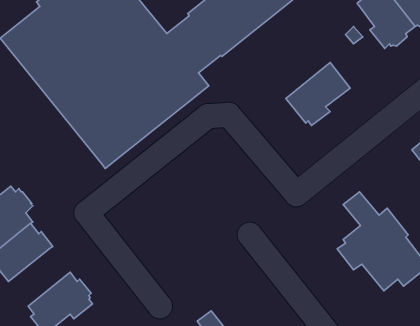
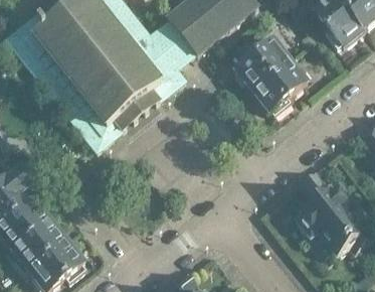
building: none -> [226,37,291,90]
building: none -> [13,218,68,269]

